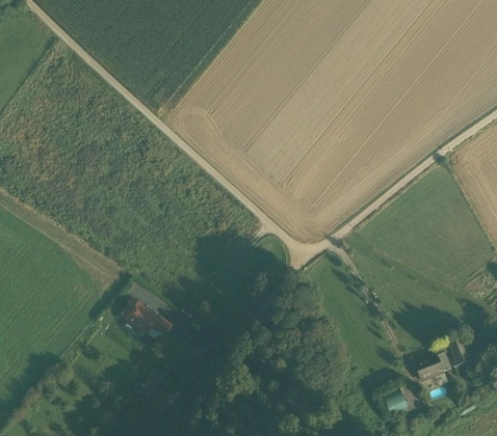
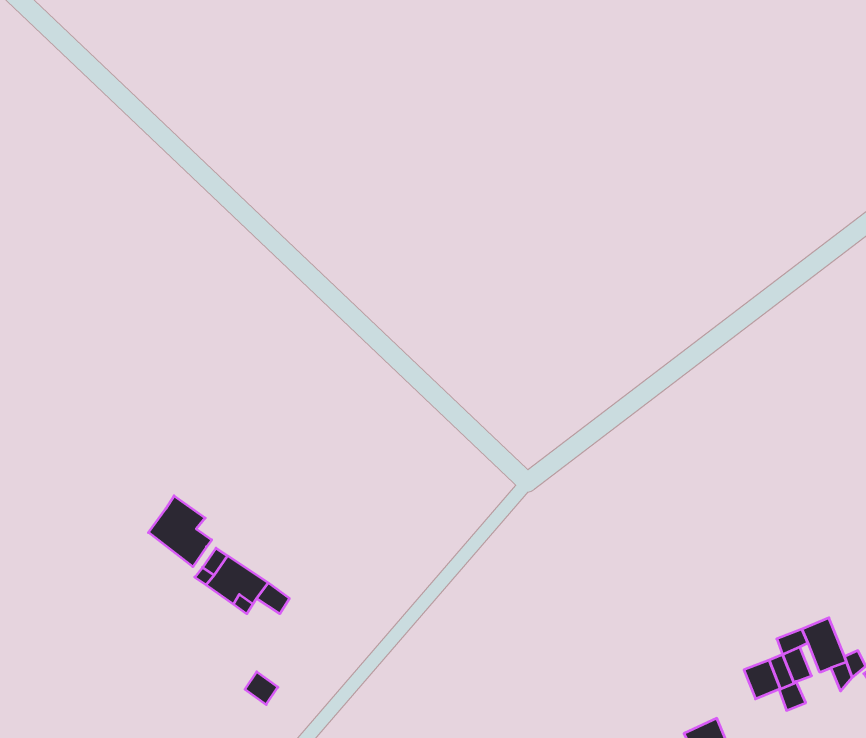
building: none -> [148,496,212,567]

